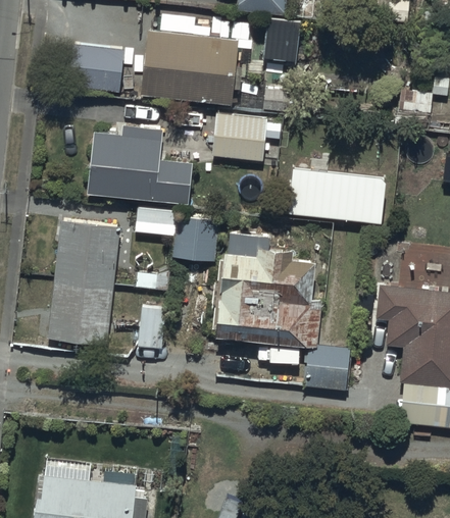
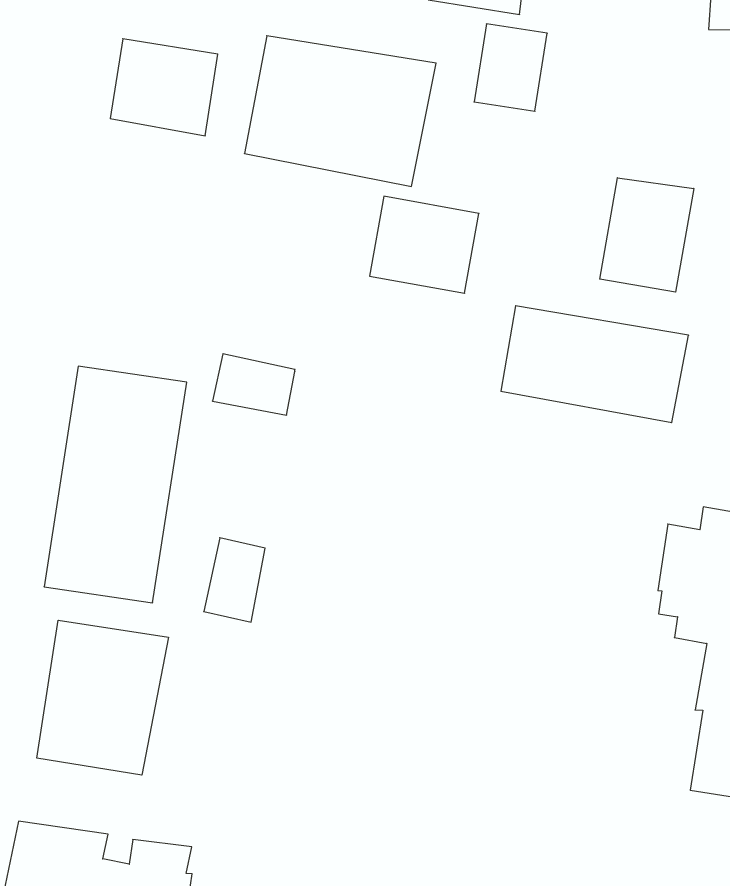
building: none -> [600,178,694,292]
building: [84,116,188,198] -> none
building: [171,213,218,260] -> none
building: [216,229,350,388] -> none
building: none -> [37,620,168,775]

